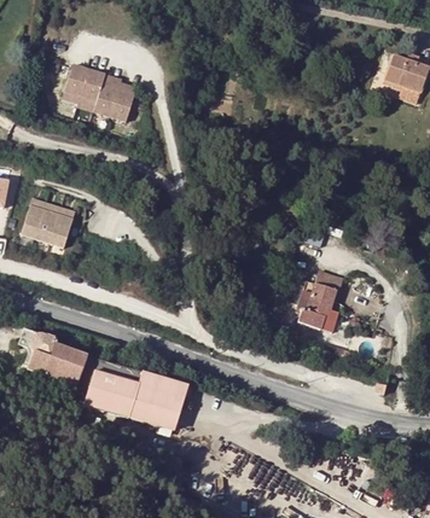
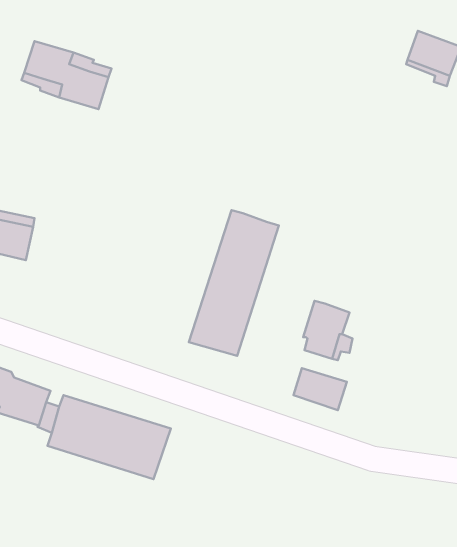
building: none -> [189,210,279,356]
building: none -> [293,368,347,410]

